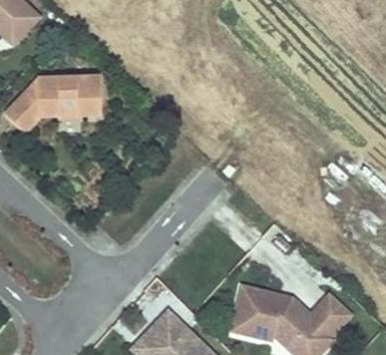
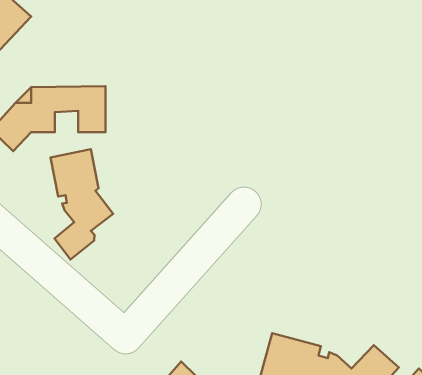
building: none -> [51,149,113,259]

